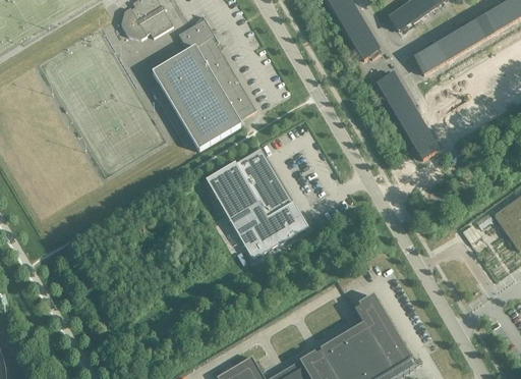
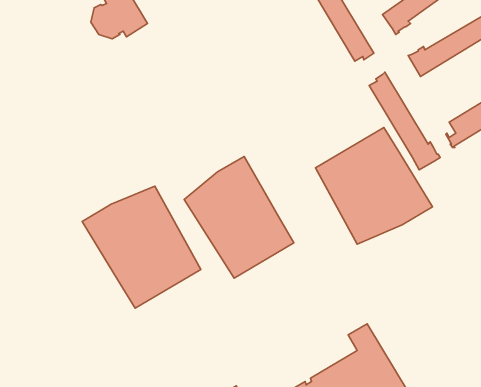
building: [151,12,257,148] -> none
building: none -> [316,127,432,244]
building: none -> [82,186,201,308]

